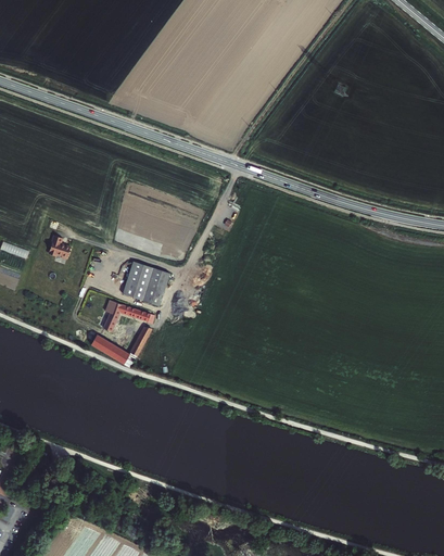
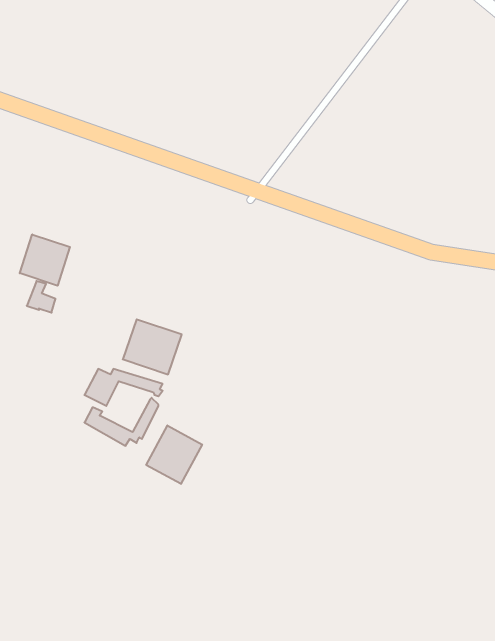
building: none -> [20,234,70,286]
building: none -> [146,425,202,484]

